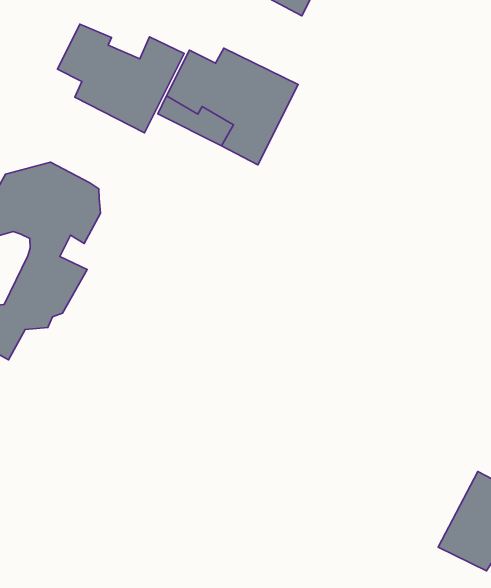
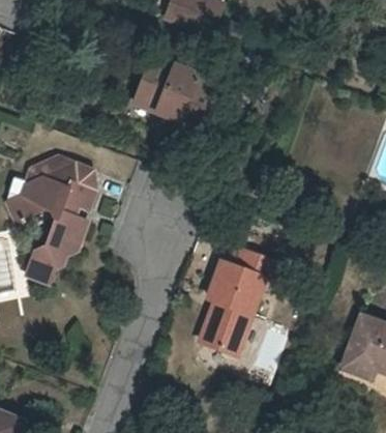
building: [57,24,184,133] -> none
building: none -> [201,251,279,352]

